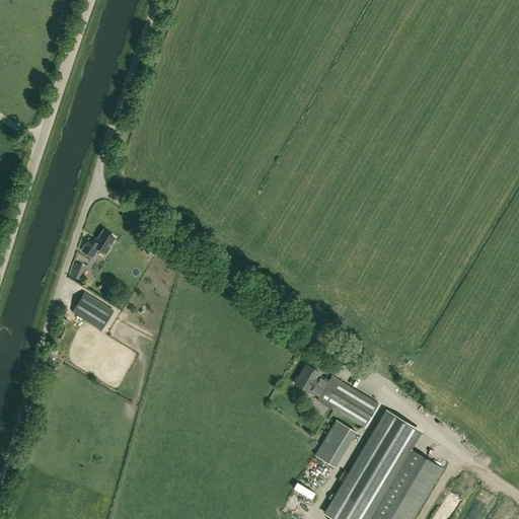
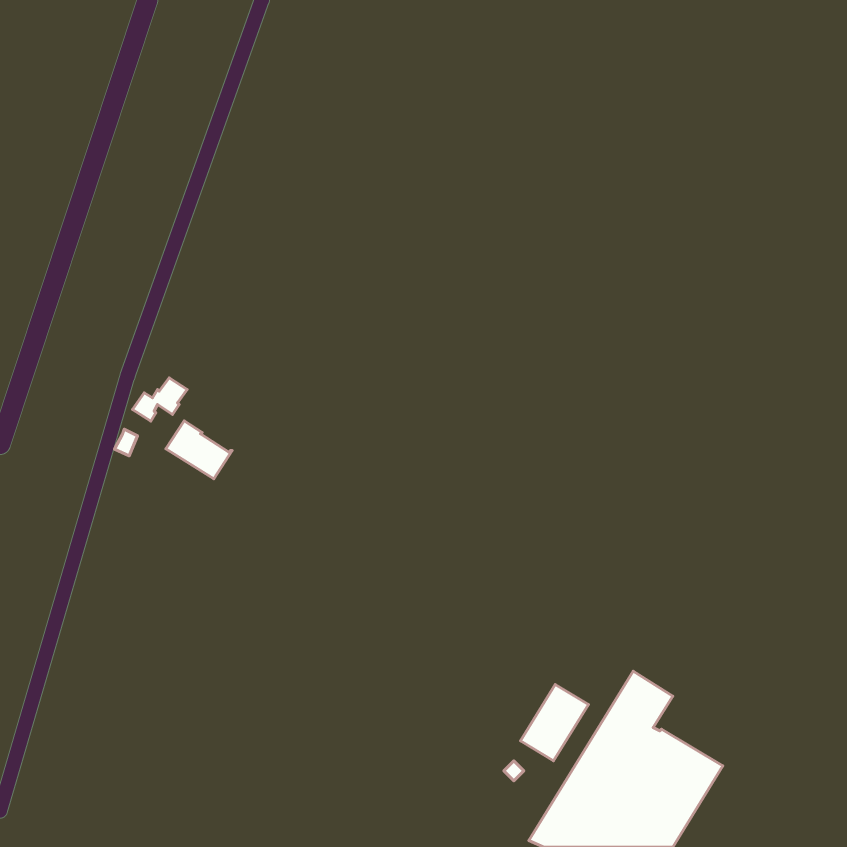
building: [73,293,114,328] -> [166,421,232,479]
building: [294,365,378,428] -> none

